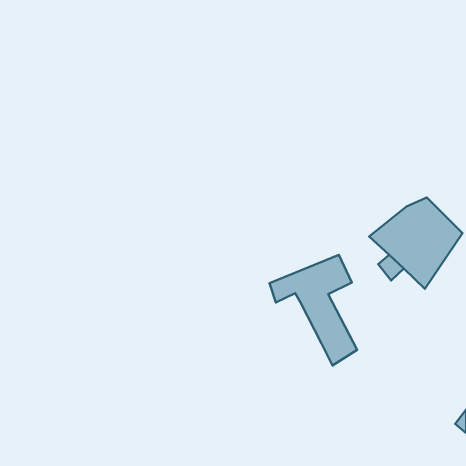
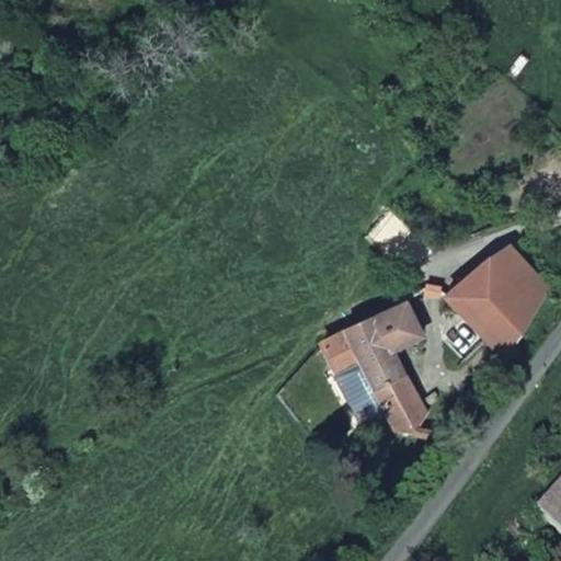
building: none -> [335,363,386,425]

